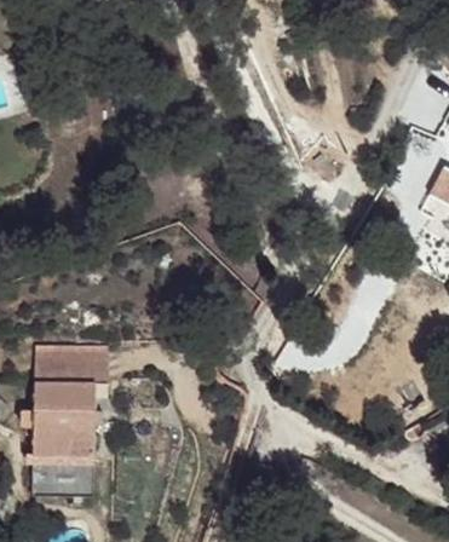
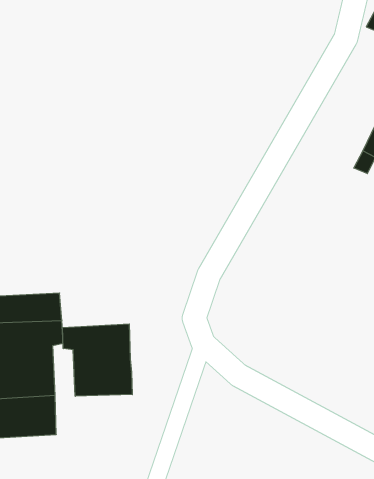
building: none -> [62,324,132,396]

